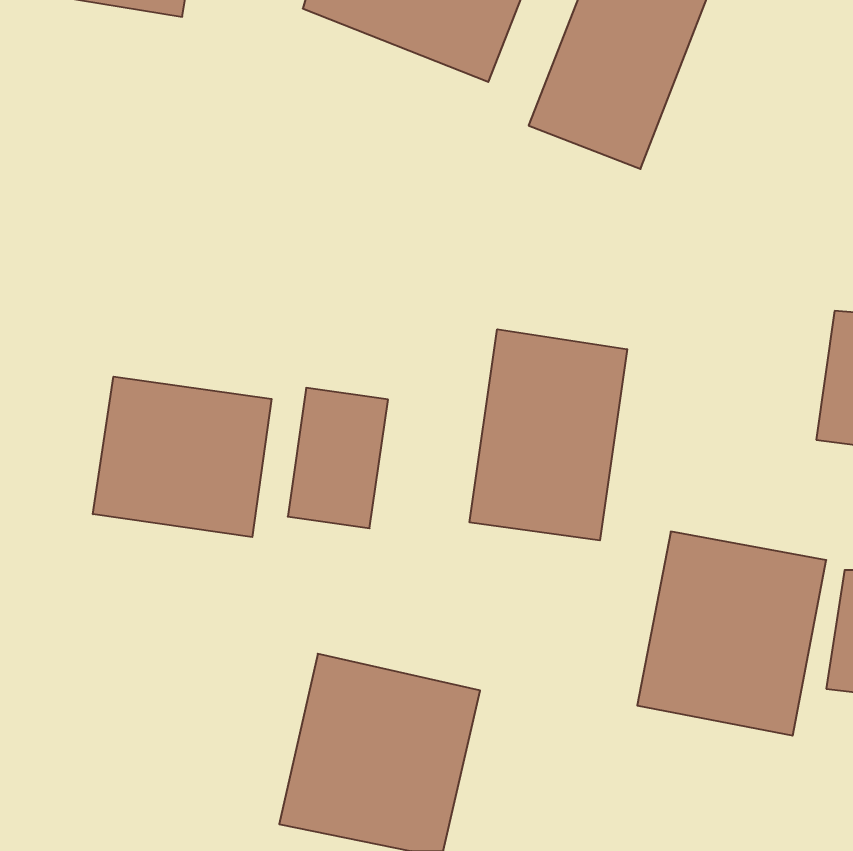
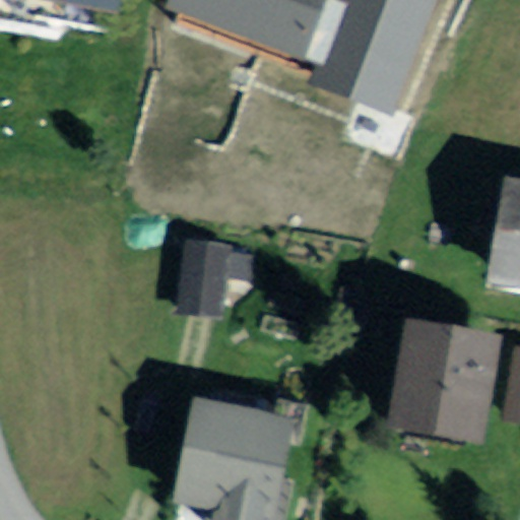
building: [470,329,627,540] -> none
building: [93,377,272,537] -> none

